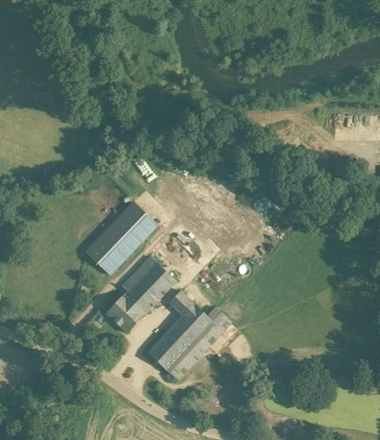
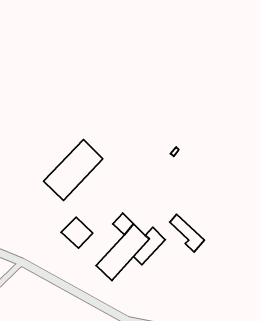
building: [120,257,174,314] -> none
building: none -> [170,214,204,252]
building: [166,342,203,380] -> none

